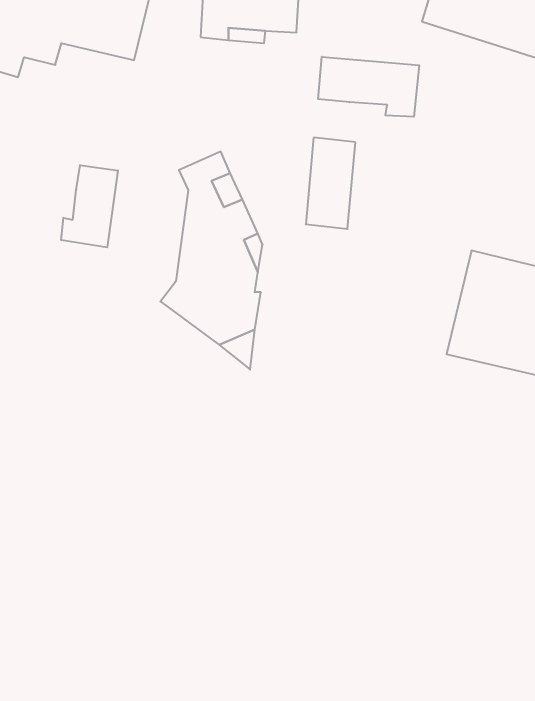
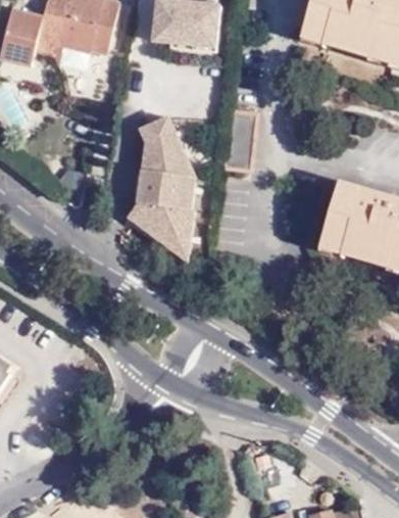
building: [318,57,419,117] -> none
building: [61,165,118,247] -> none

